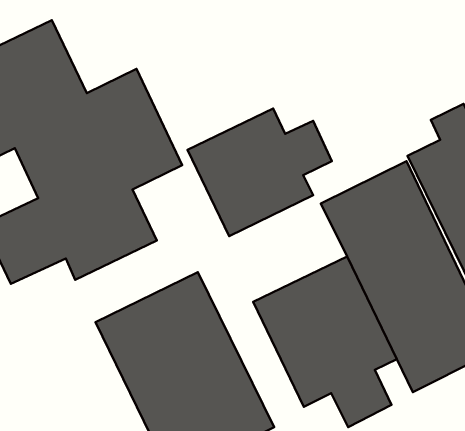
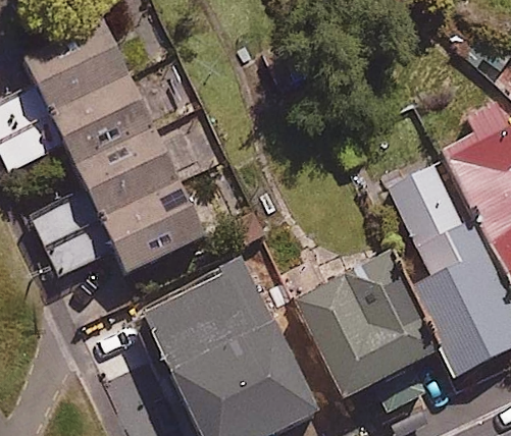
building: [188,108,332,236] -> none

